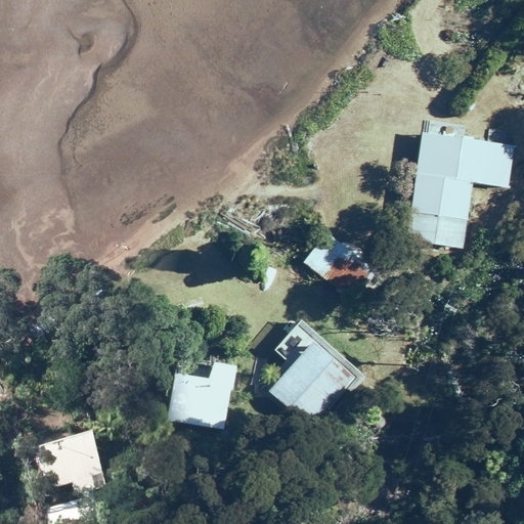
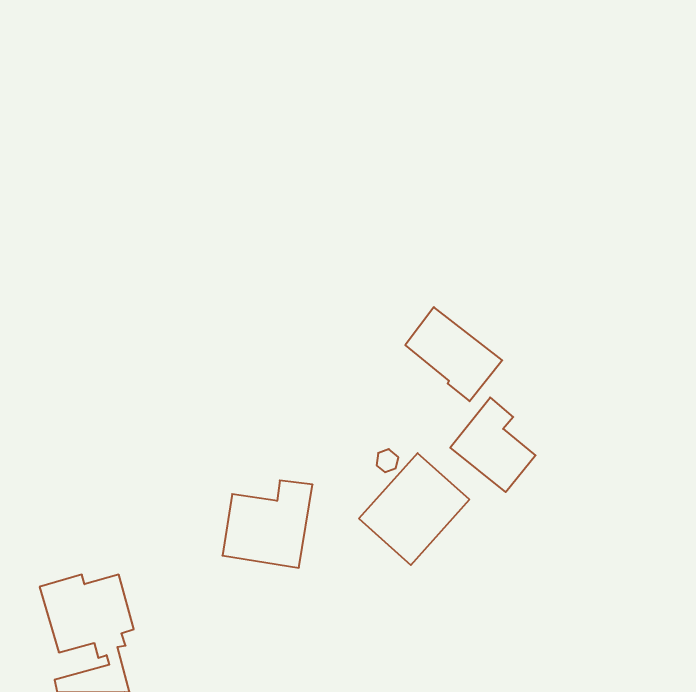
building: [406,131,515,247] -> none
building: none -> [450,397,536,492]

